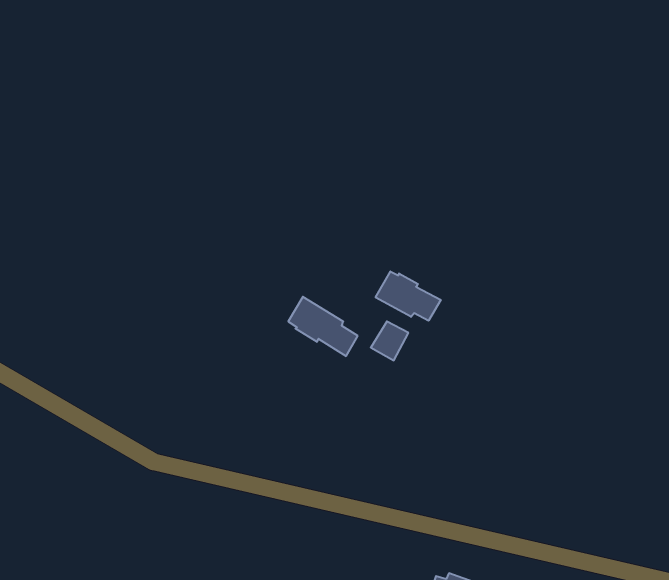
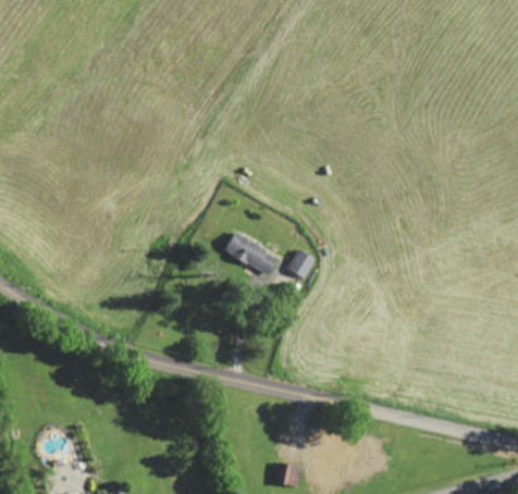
building: [376,271,441,321] -> none

